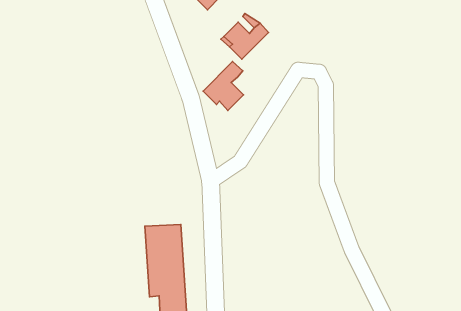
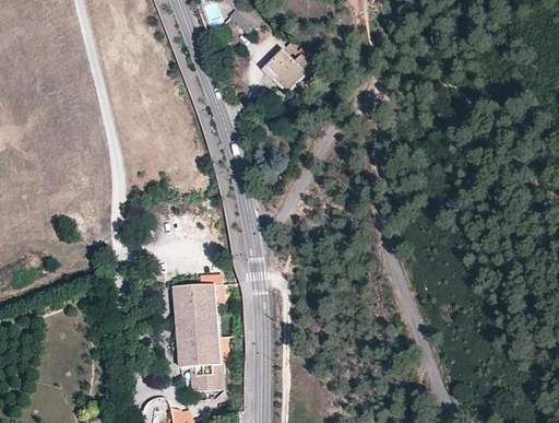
building: [203,62,244,111] -> none

